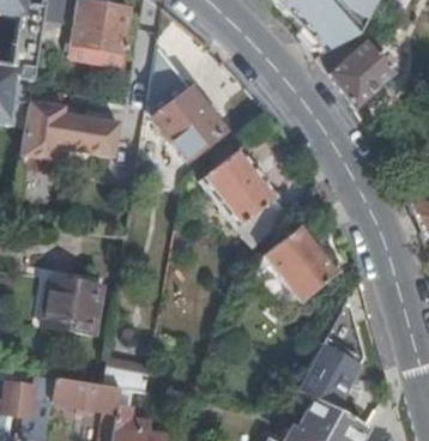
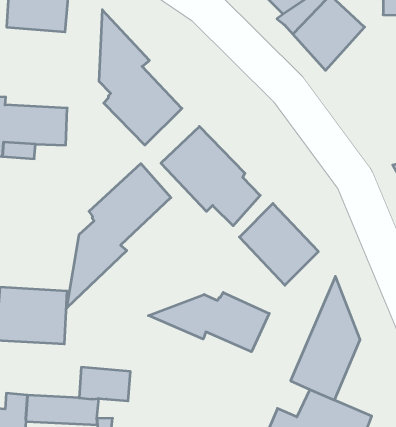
building: none -> [67,164,171,308]
building: none -> [148,292,269,352]

